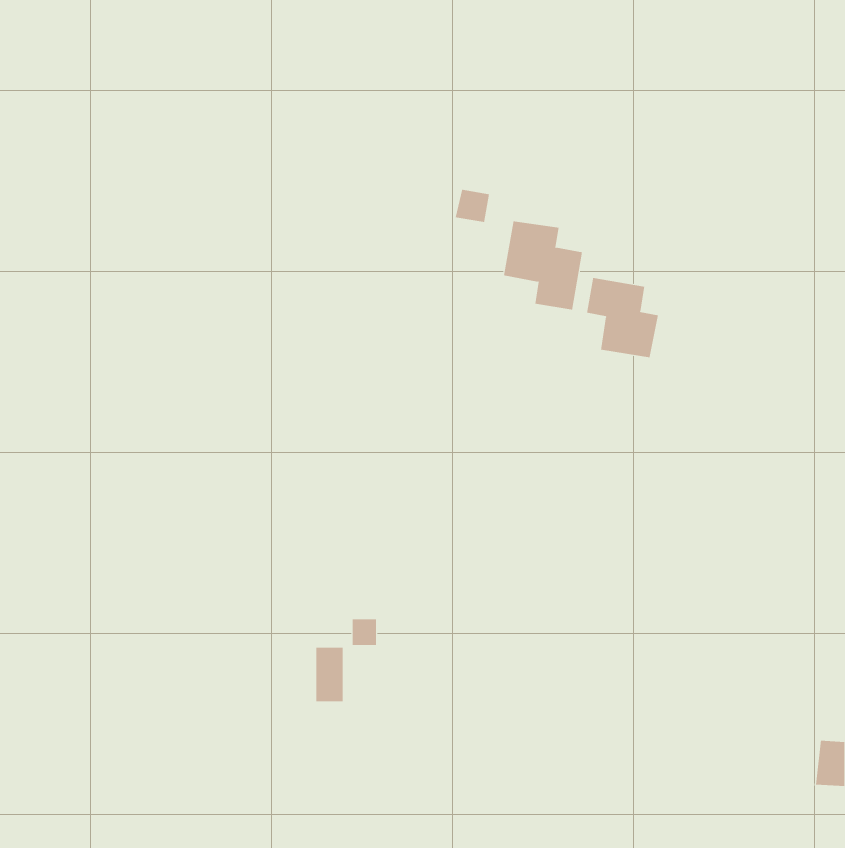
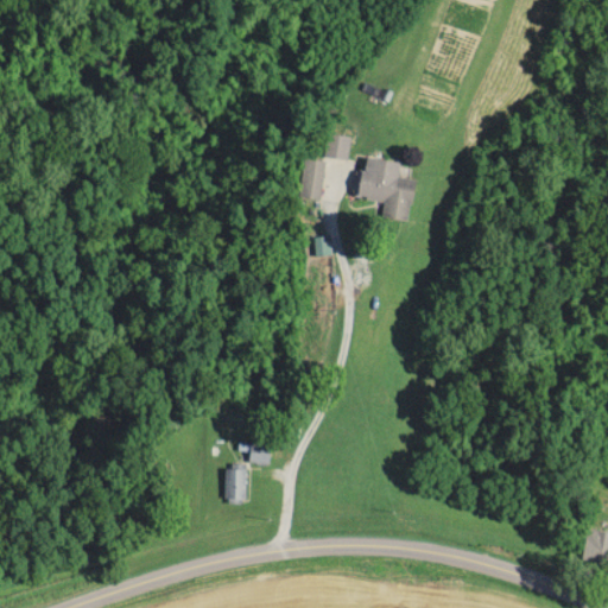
building: none -> [300,159,325,201]
building: [586,277,659,358] -> none

